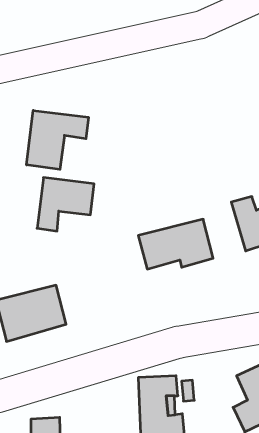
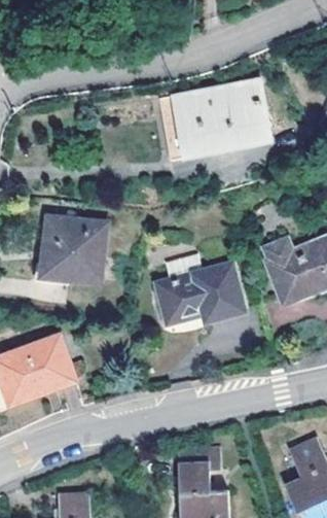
building: none -> [176,81,271,153]
building: [27,110,88,169] -> none
building: none -> [68,255,106,282]

